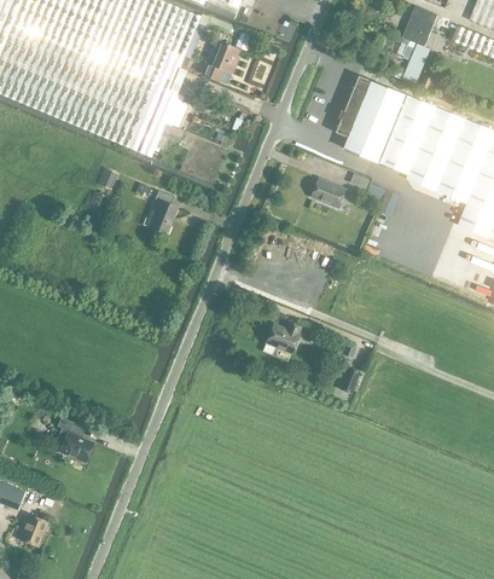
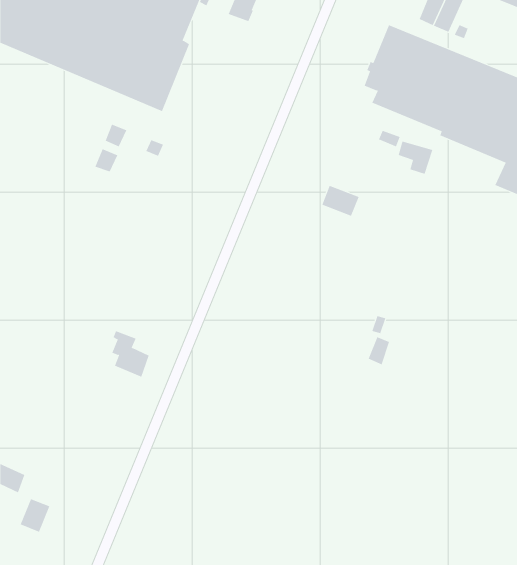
building: [312,178,347,207] -> [321,185,359,216]
building: [149,190,176,235] -> none
building: [266,322,300,352] -> none
building: [58,418,93,462] -> [112,331,150,378]

